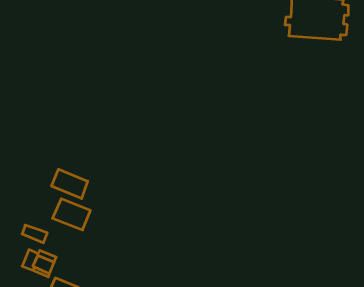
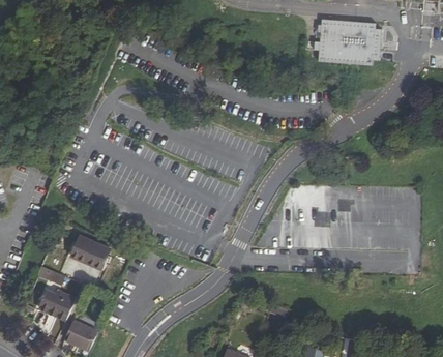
building: [52,169,88,199] -> none

